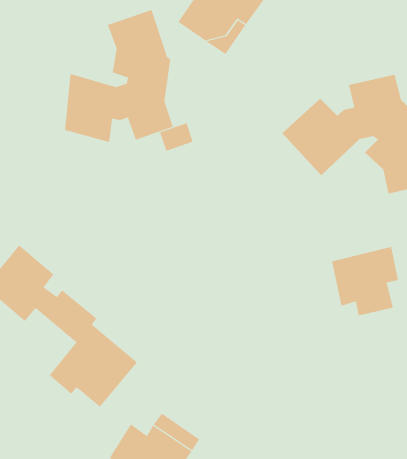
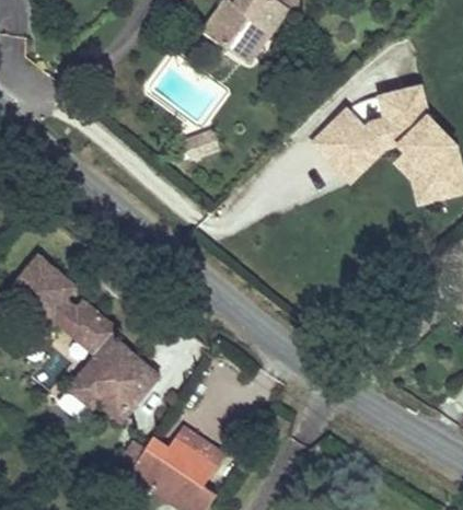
building: [65,9,174,143] -> none
building: [332,246,399,316] -> none

